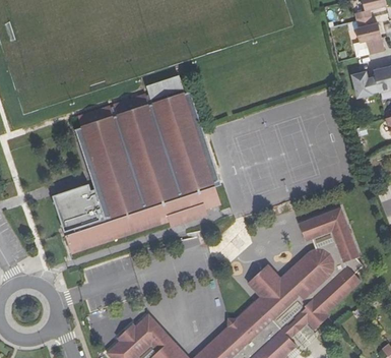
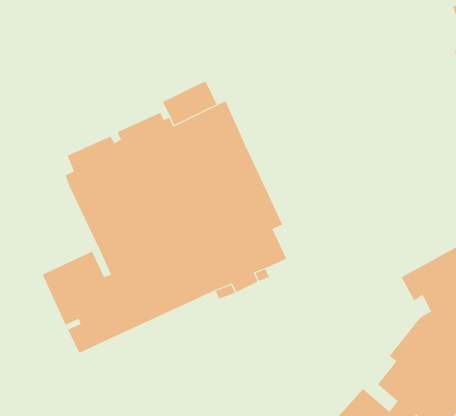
building: [249,266,286,303] -> none

